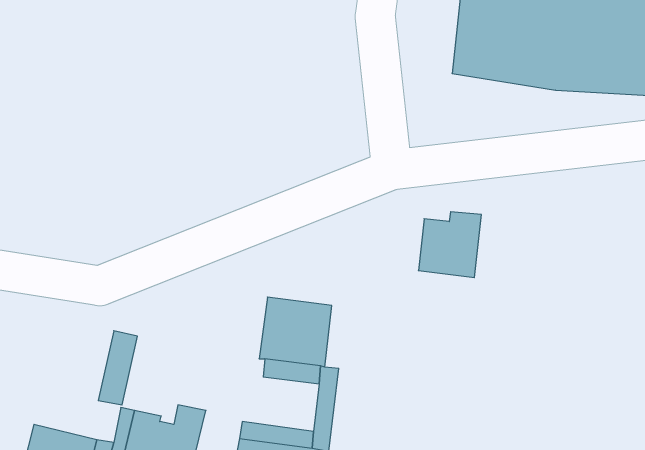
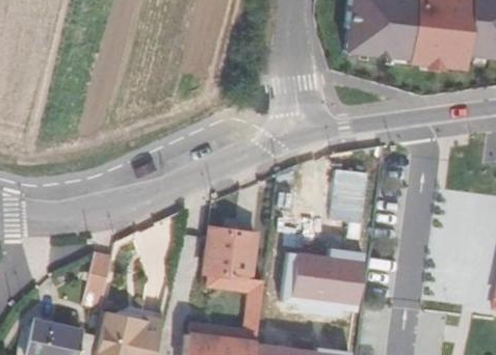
building: none -> [294,253,363,304]

